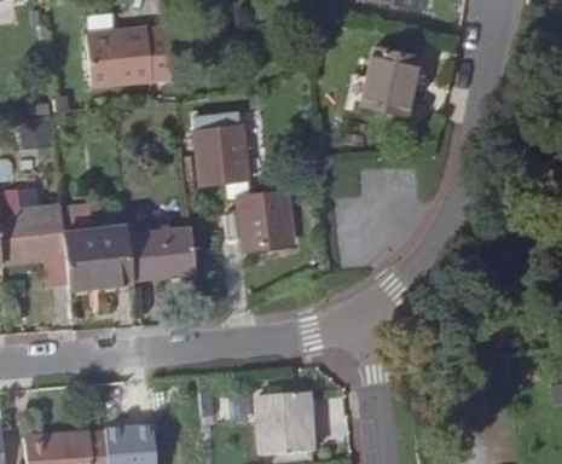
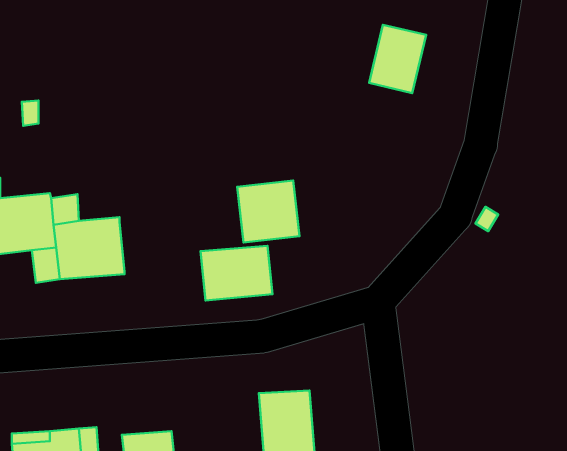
building: [86,28,174,83] -> none
building: [193,112,243,181] -> none
building: [124,230,193,282] -> [200,246,273,300]

